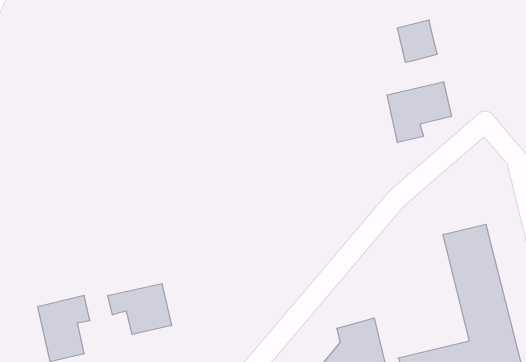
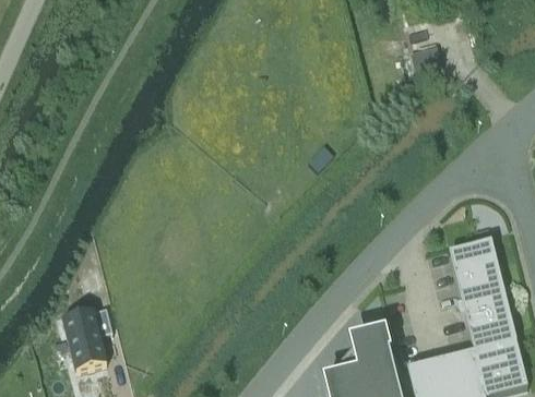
building: [387,82,452,143] -> none
building: [108,284,172,335] -> none

